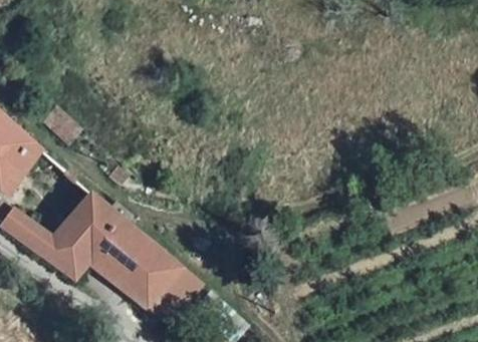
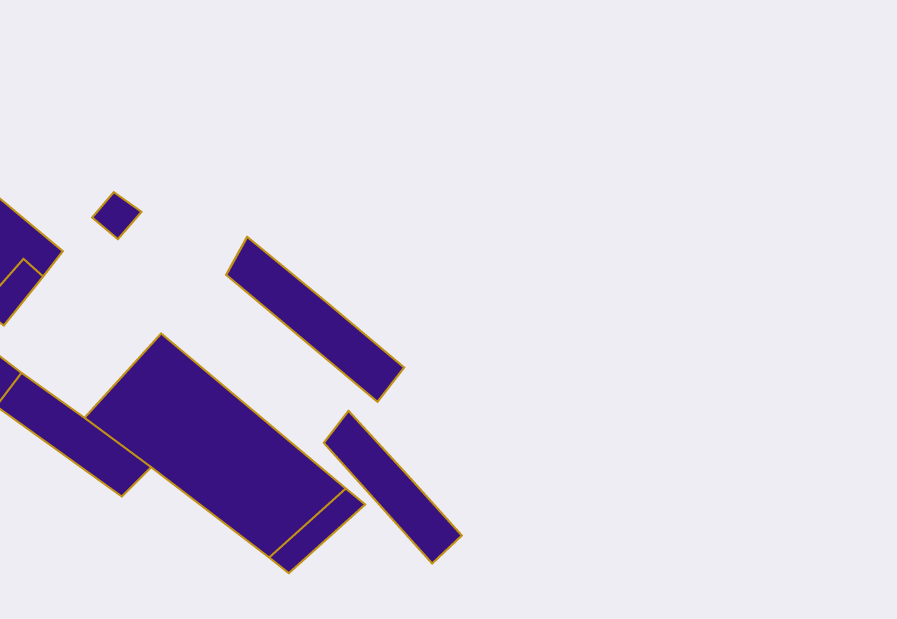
building: none -> [226,237,404,402]
building: none -> [324,411,462,564]

